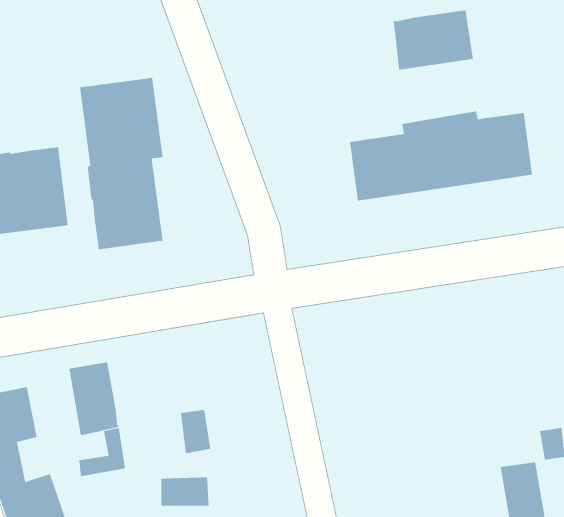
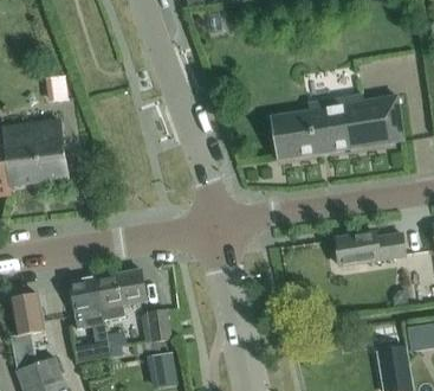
building: [393,10,474,71] -> none
building: [80,77,163,250] -> none
building: none -> [336,233,406,265]
building: none -> [96,269,145,320]

